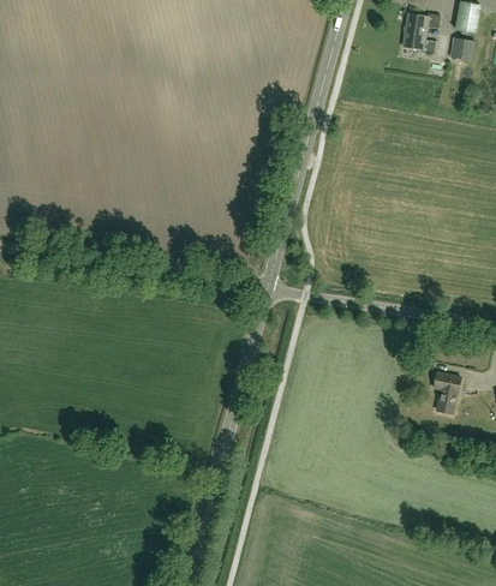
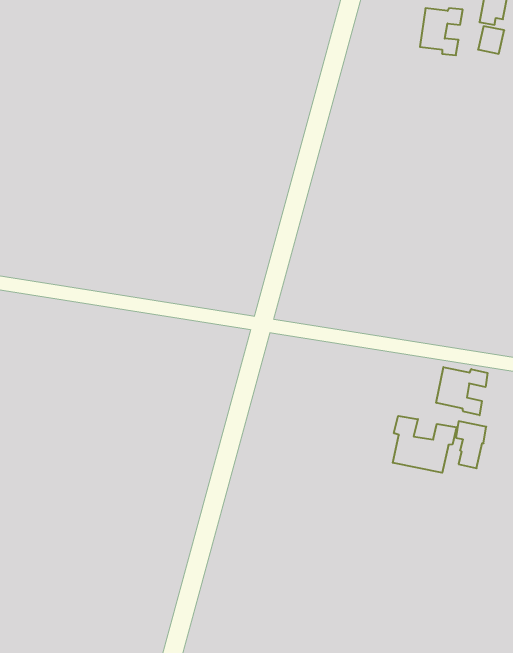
building: none -> [436,367,488,415]
building: none -> [393,416,457,473]

